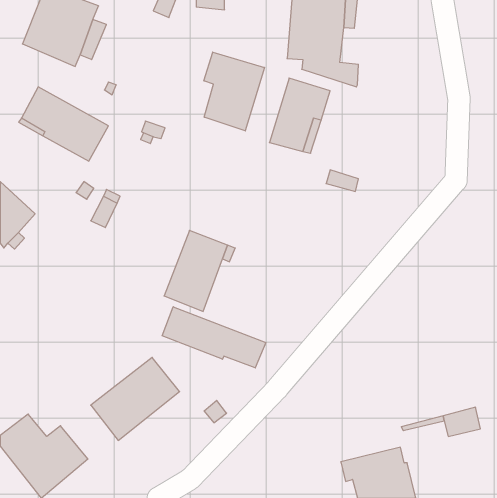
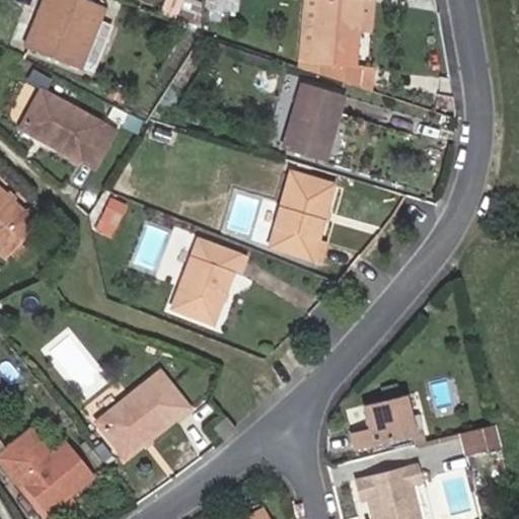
building: [204,52,264,131] -> none
building: none -> [250,170,335,261]
building: [162,307,266,368] -> none
building: none -> [353,394,414,448]

